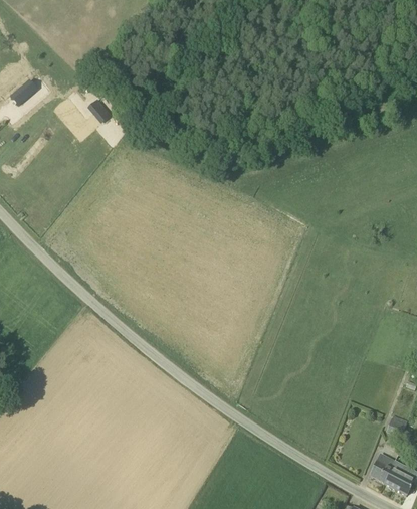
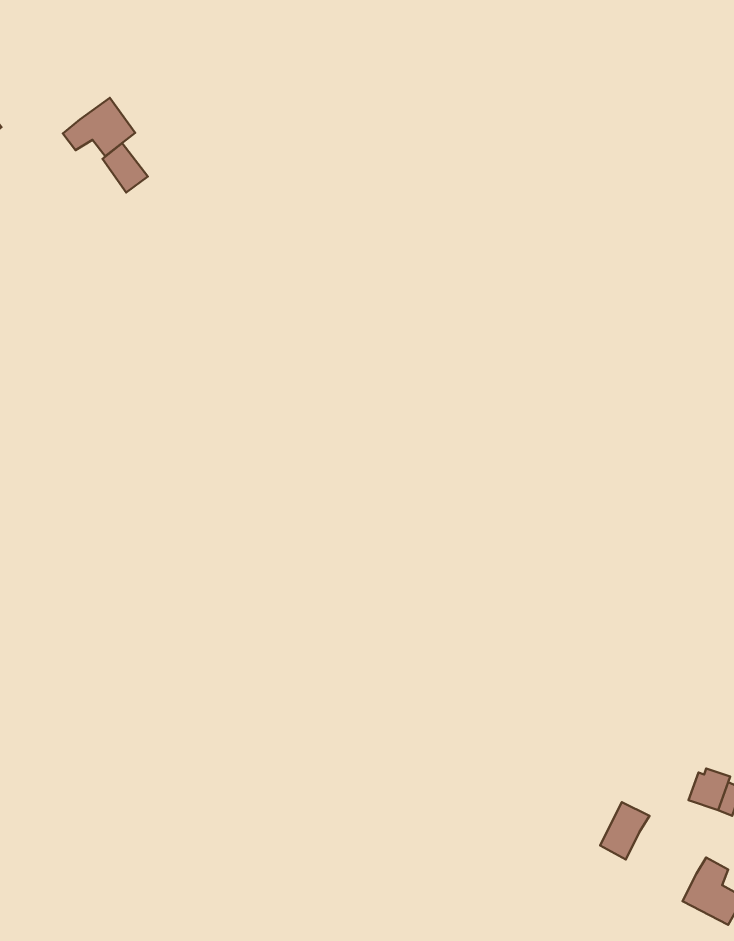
building: none -> [63,98,135,156]
building: [370,453,395,482] -> [600,802,650,859]

